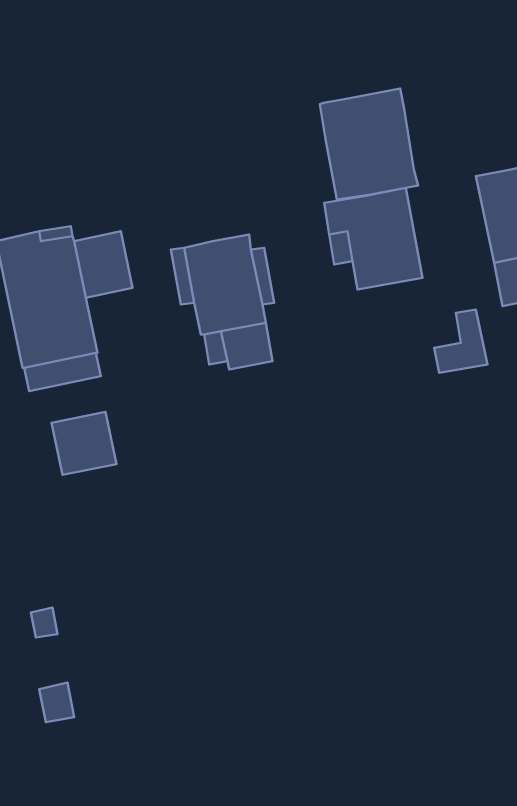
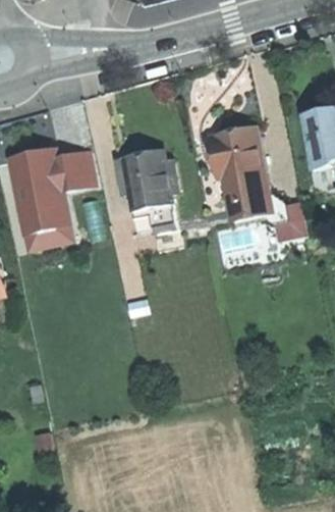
building: [320,89,418,199] -> none
building: none -> [227,178,273,218]
building: [52,412,116,475] -> none

